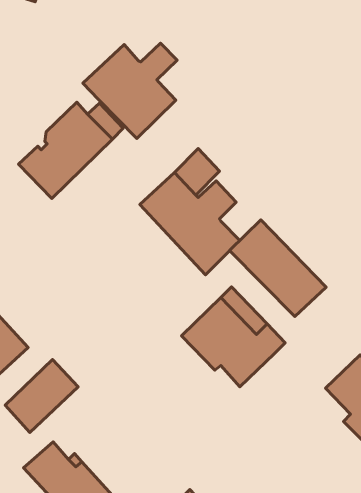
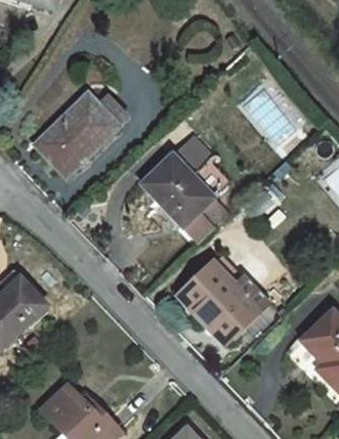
building: [83,43,177,138] -> none
building: [230,220,326,317] -> none
building: [5,360,78,432] -> none

